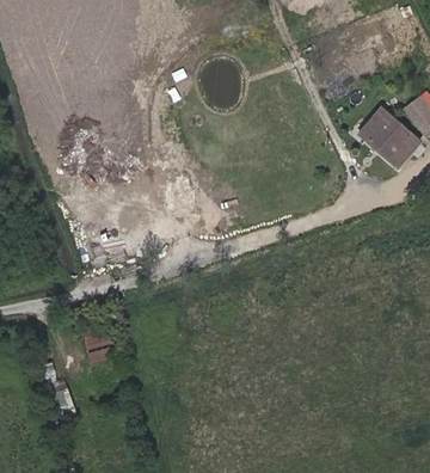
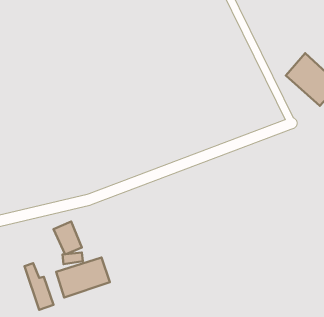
building: none -> [56,257,110,297]

